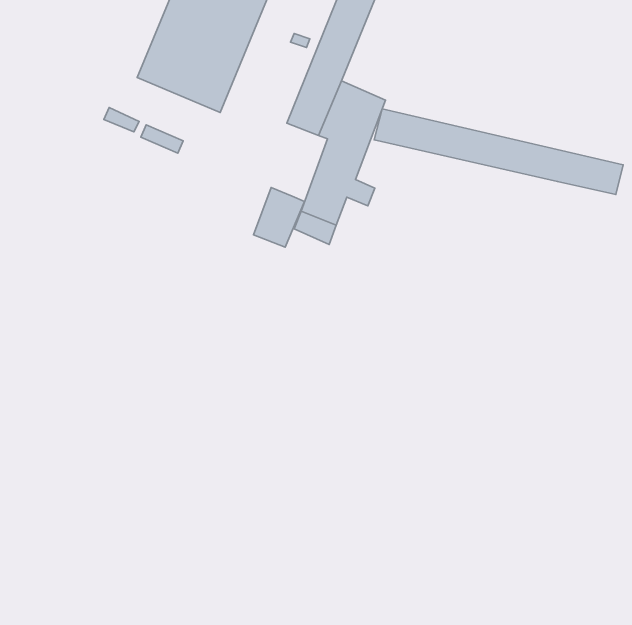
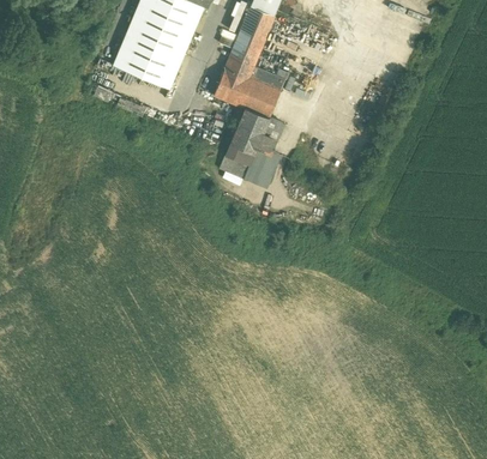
building: [374,109,623,194] -> none
building: [254,187,305,247] -> [244,147,278,188]

